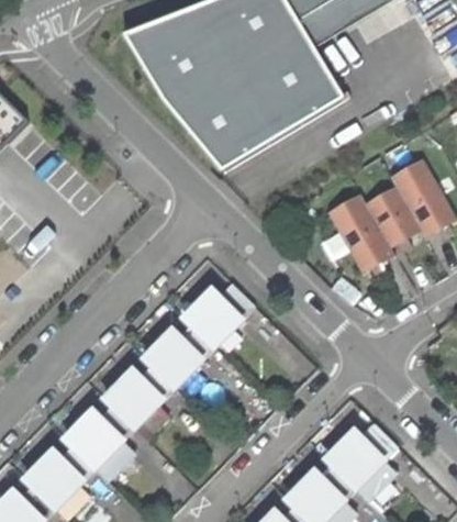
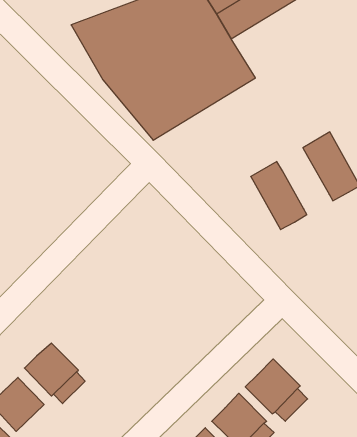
building: [368,186,423,248] -> none
building: [182,286,246,349] -> none
building: [143,325,207,389] -> none
building: [101,365,167,430] -> none

